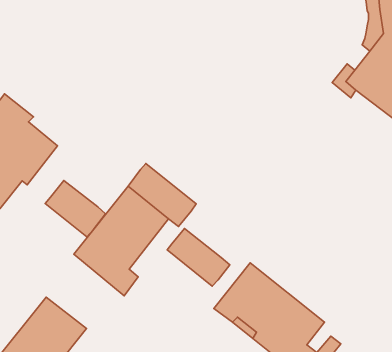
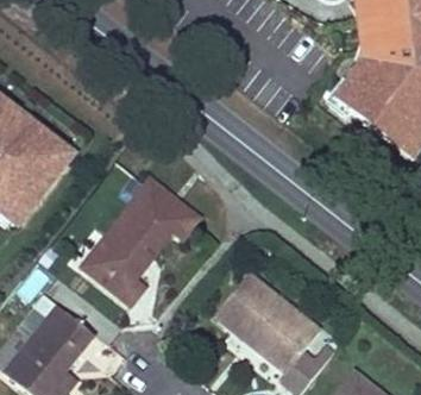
building: [45,180,106,237] -> none
building: [167,229,230,286] -> none

